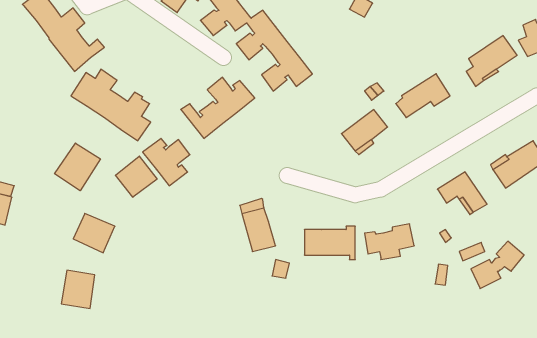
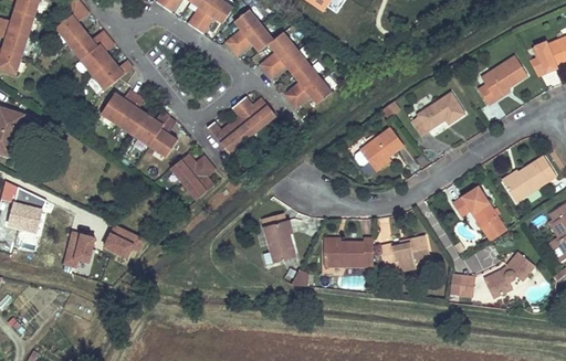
building: [55,143,100,191] -> none
building: [115,156,157,197] -> none
building: [61,270,95,308] -> [63,233,95,269]

